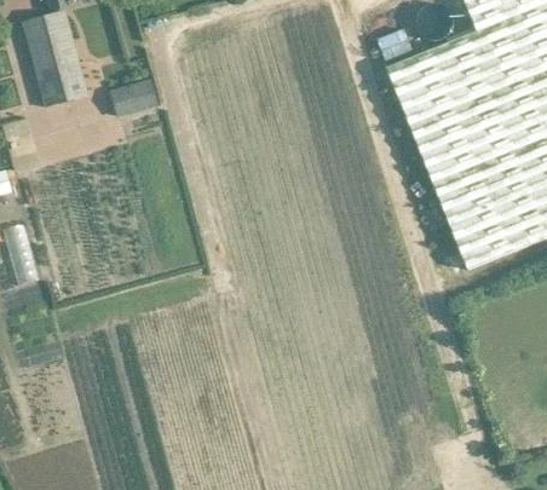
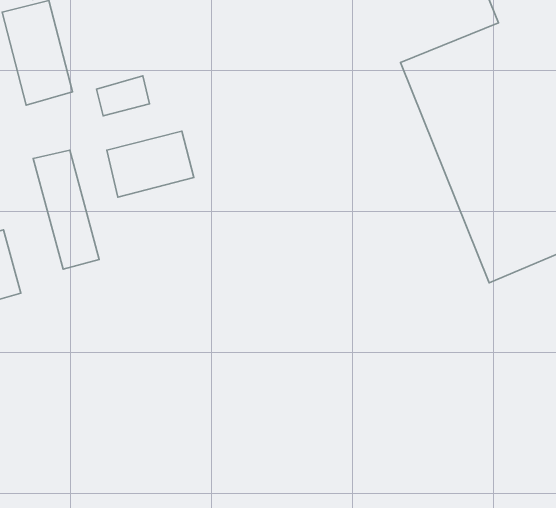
building: none -> [107,131,194,197]
building: none -> [33,150,99,269]

